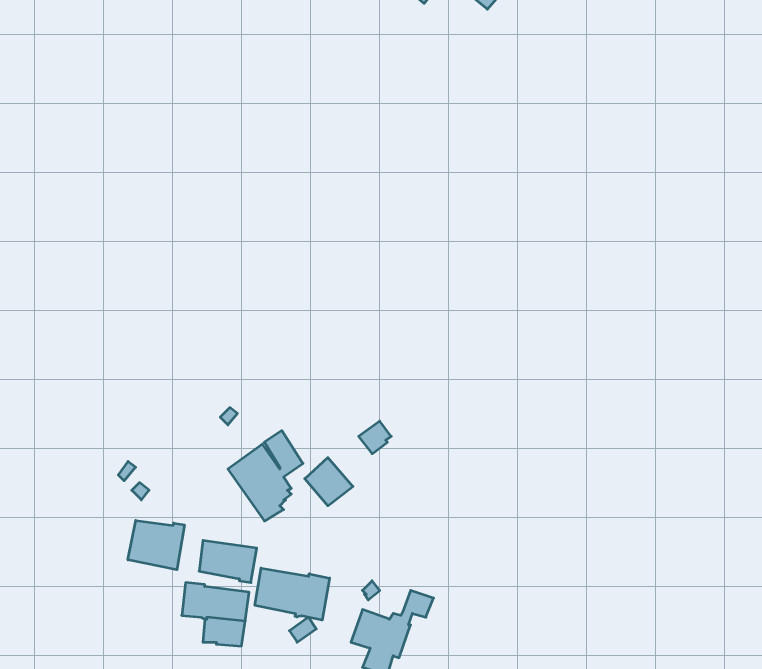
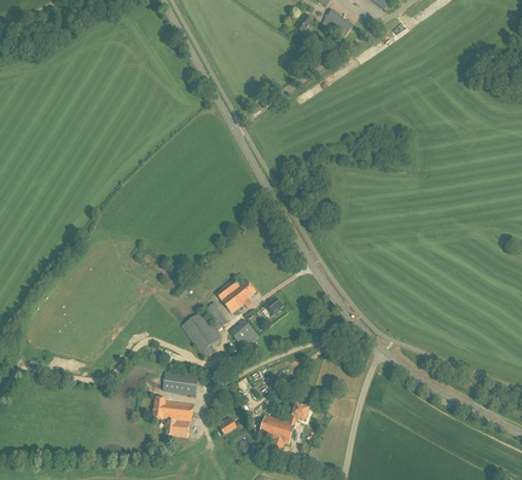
building: none -> [215,278,256,312]
building: [128,520,184,570] -> none
building: [255,568,330,620] -> none

